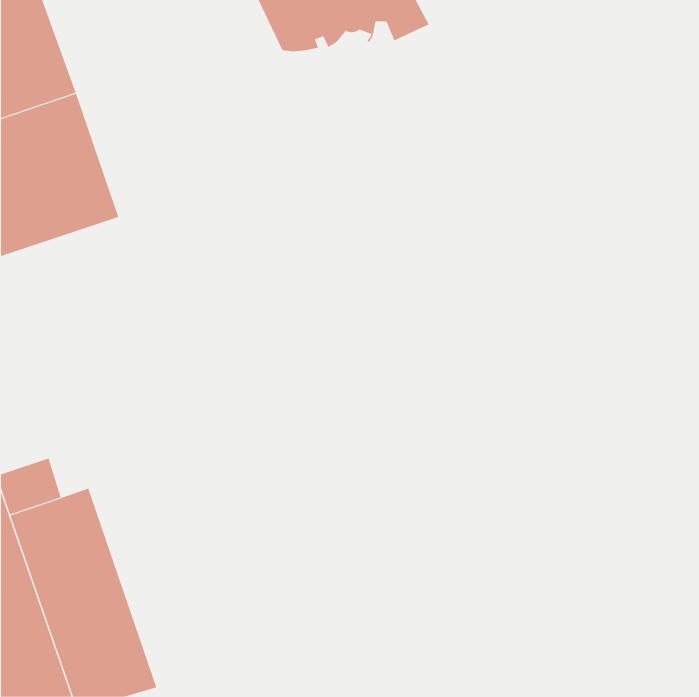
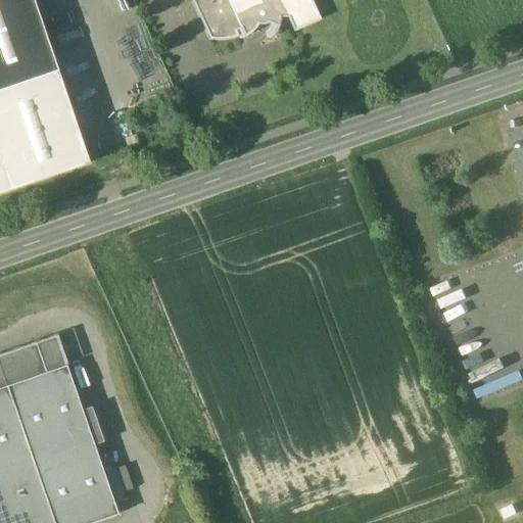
building: none -> [37,336,66,372]

